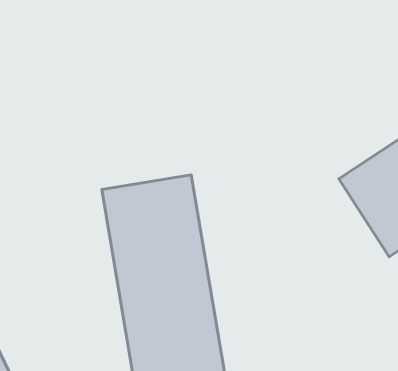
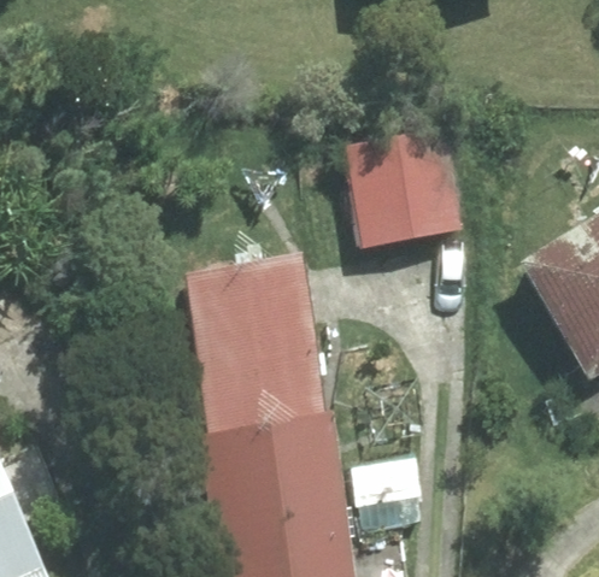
building: none -> [341,122,464,247]

